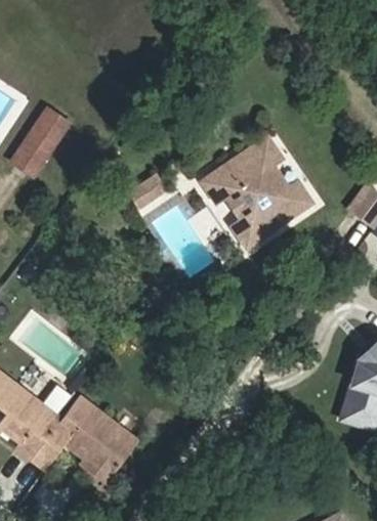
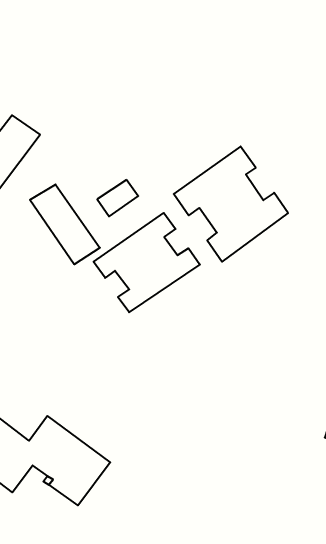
building: none -> [30,184,100,264]
building: none -> [94,213,200,312]

